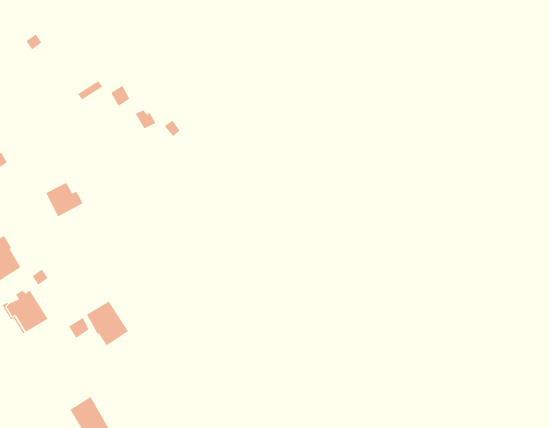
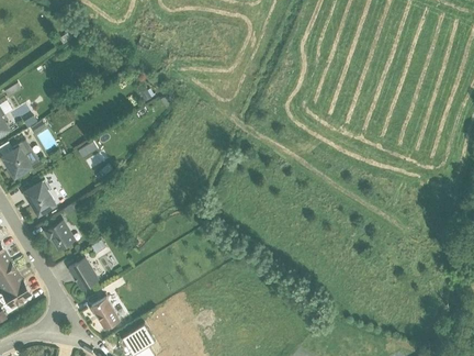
building: [86,301,129,346] -> [68,258,99,291]

